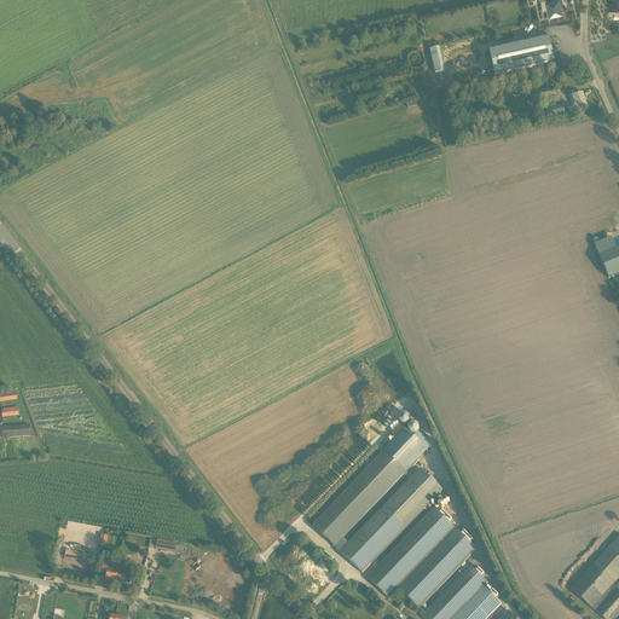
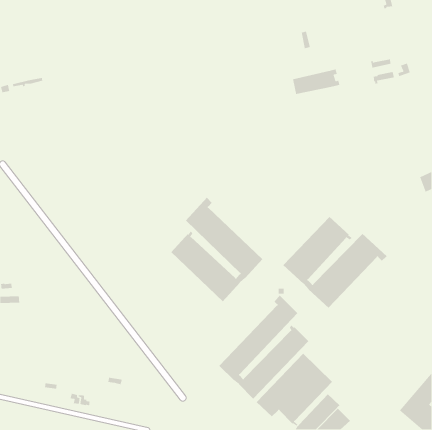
building: [488,34,557,71] -> [292,69,340,95]
building: none -> [170,197,263,302]
building: none -> [283,216,388,308]

